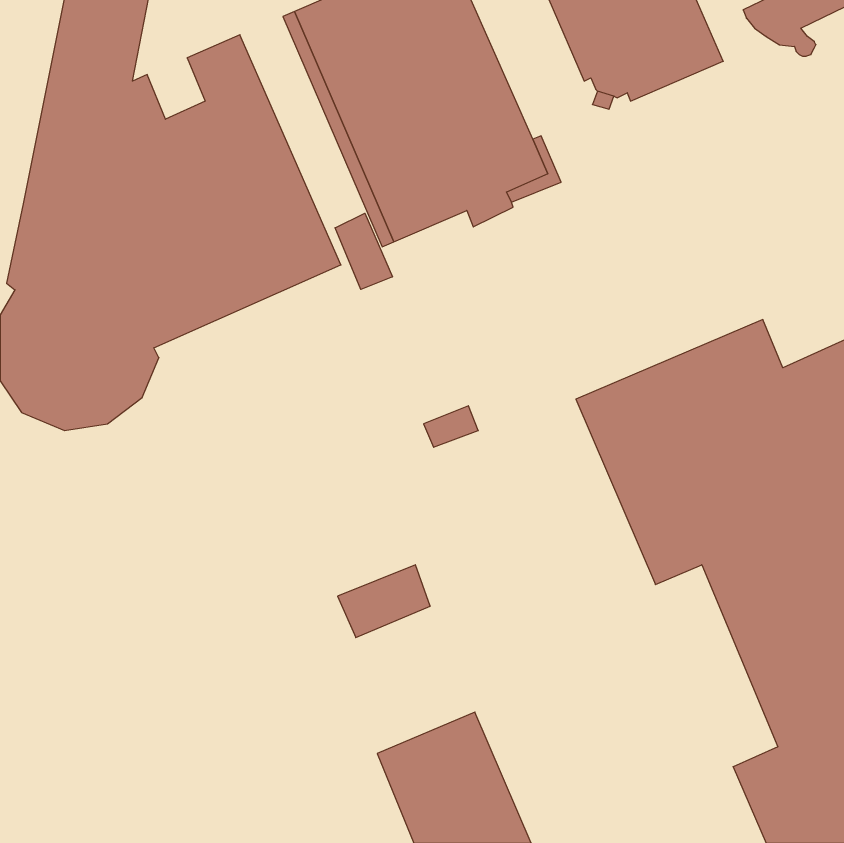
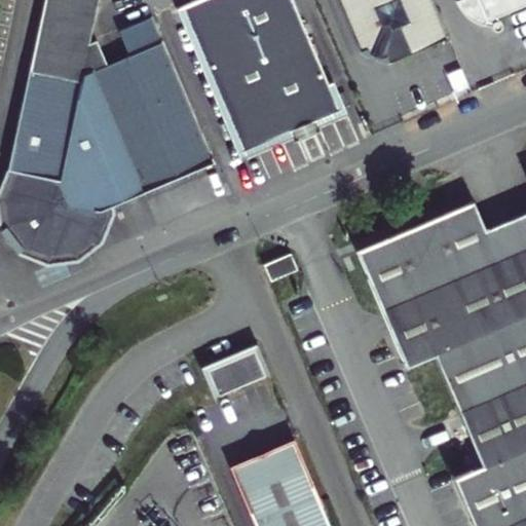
building: [335,213,392,289] -> none

